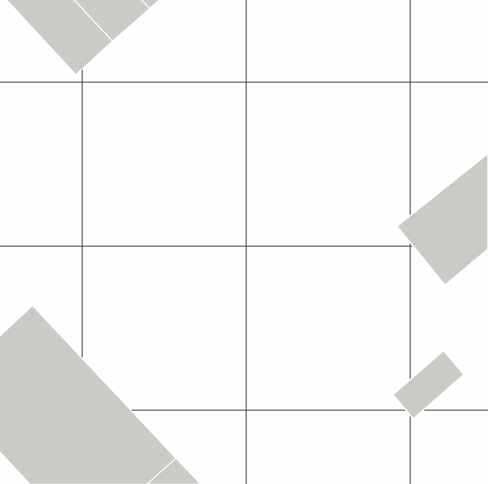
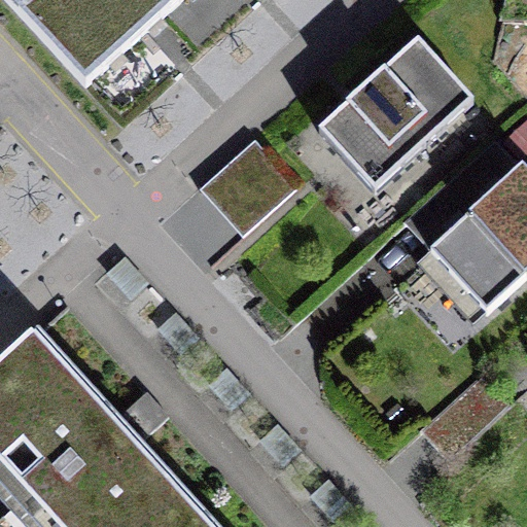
building: none -> [330,48,485,201]
building: none -> [200,135,290,224]

